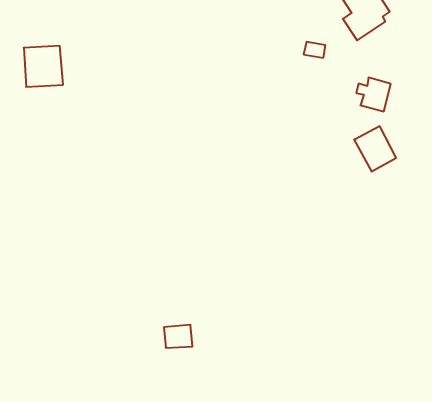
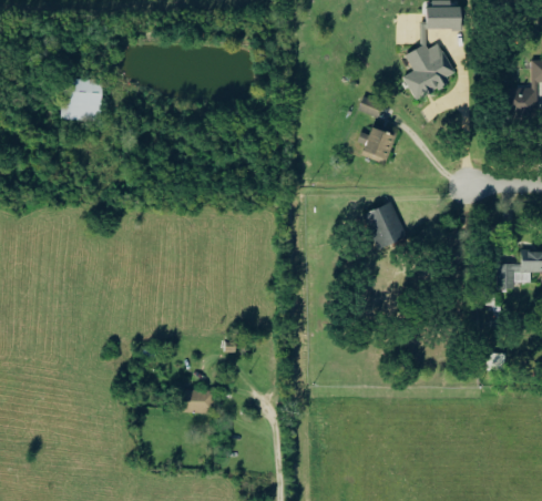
building: [356,78,391,111] -> [358,126,396,164]
building: [354,126,396,171] -> [364,202,407,249]

